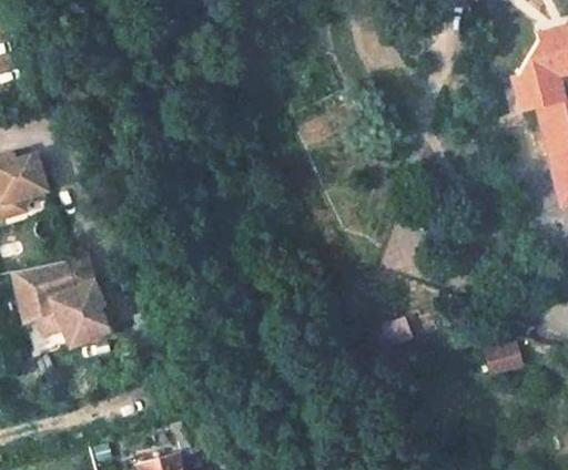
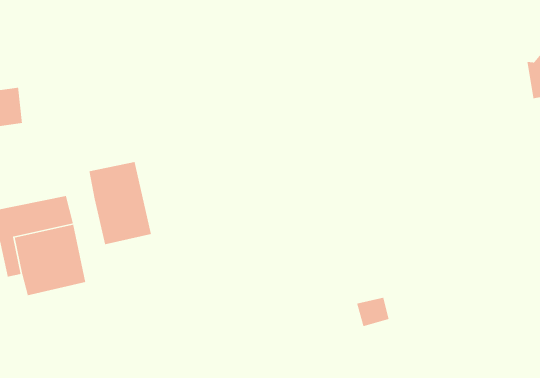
building: none -> [89,161,152,245]
building: [479,339,519,375] -> none

